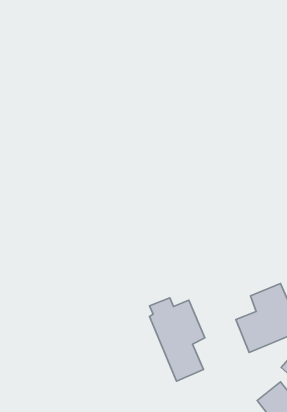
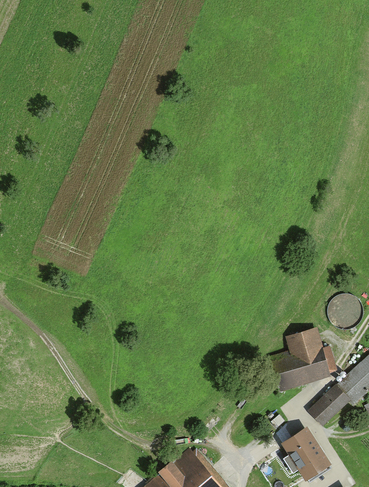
building: [149,298,205,381] -> none

